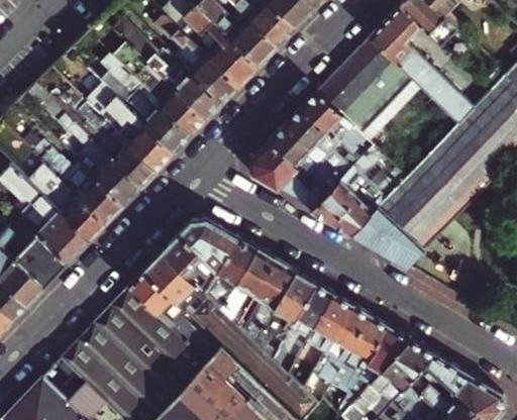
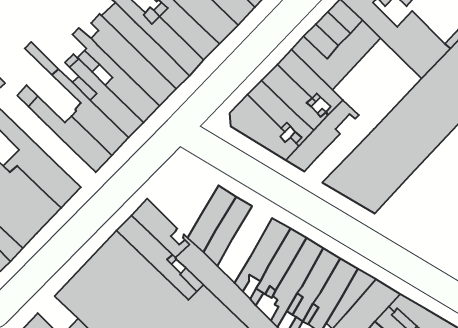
building: [330,163,405,235] -> none
building: [32,165,105,240] -> none
building: [161,220,237,295] -> none
building: [236,260,295,343] -> none

